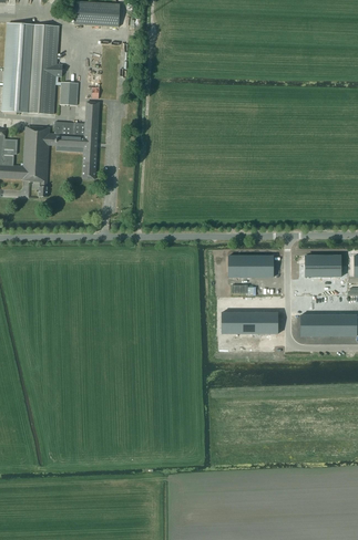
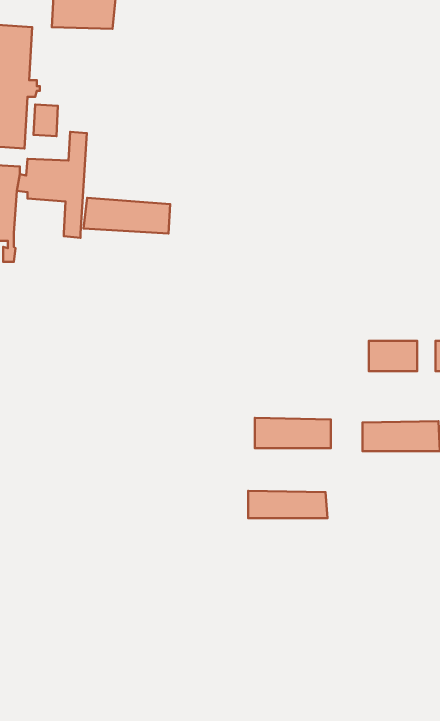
building: none -> [84,198,170,233]
building: [228,256,273,278] -> none
building: none -> [248,491,328,518]

